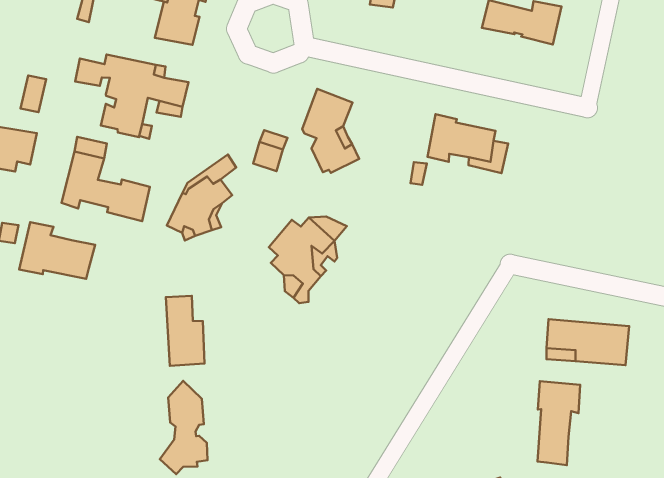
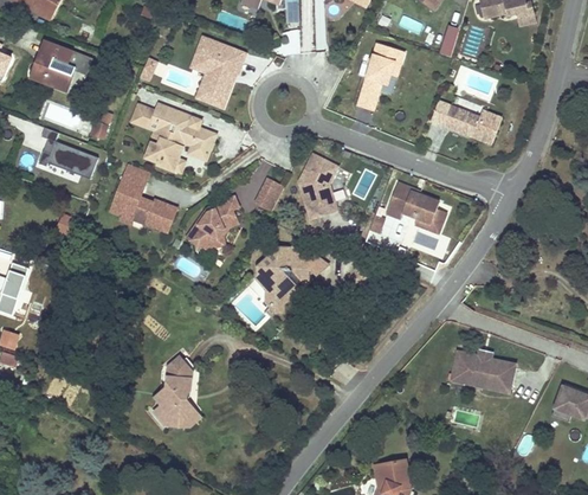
building: [19,222,95,279] -> none
building: [166,296,204,366] -> none
building: [538,381,580,465] -> none

